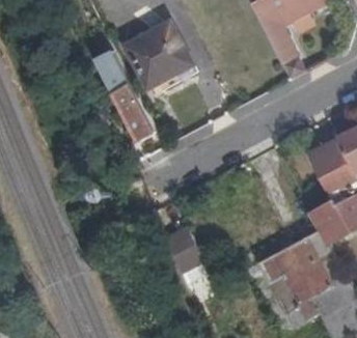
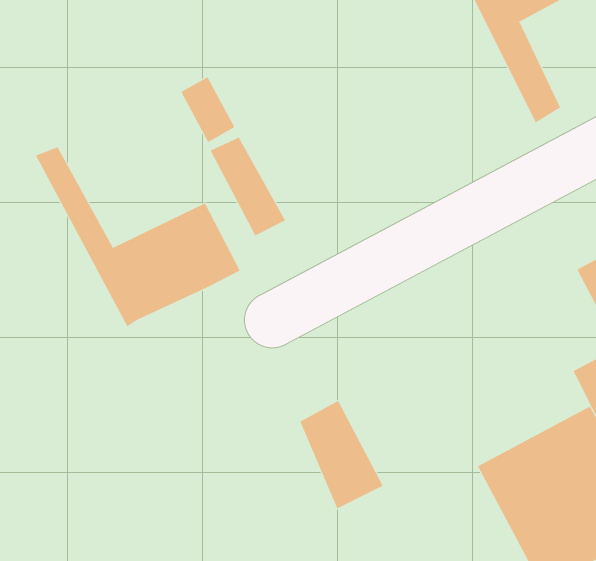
building: [125,22,195,95] -> none
building: none -> [35,147,241,327]

